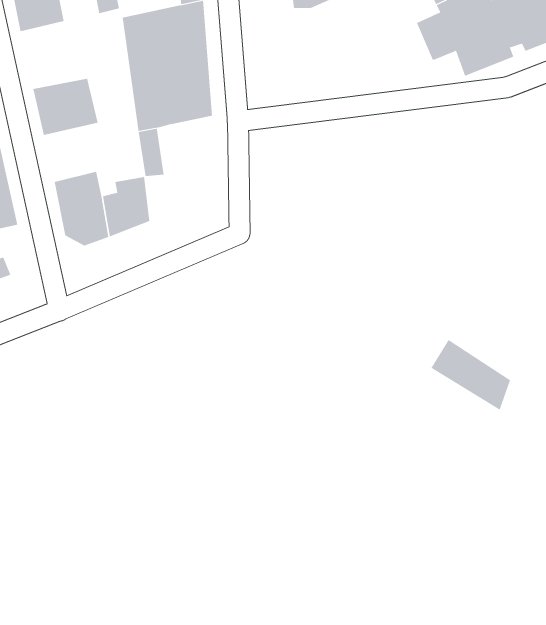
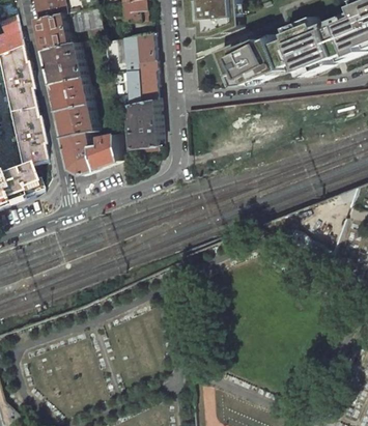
building: none -> [220,35,286,84]
building: none -> [47,40,86,81]
building: none -> [134,96,162,145]
building: none -> [60,101,97,135]

